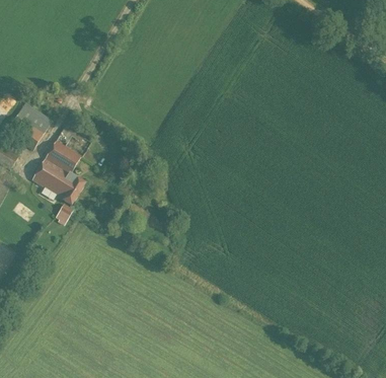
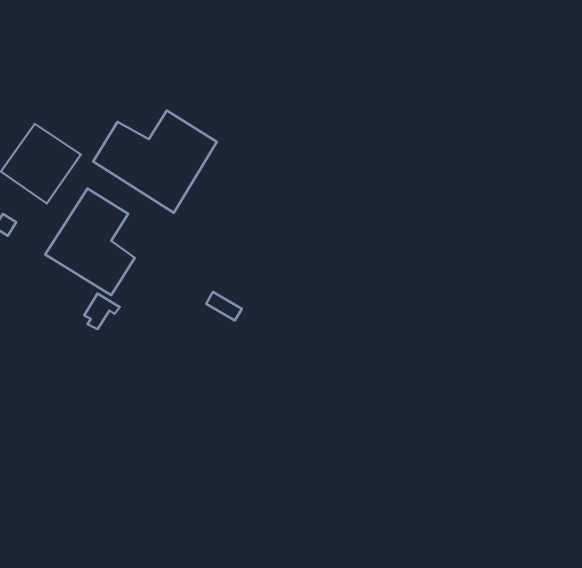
building: none -> [93,111,217,213]

